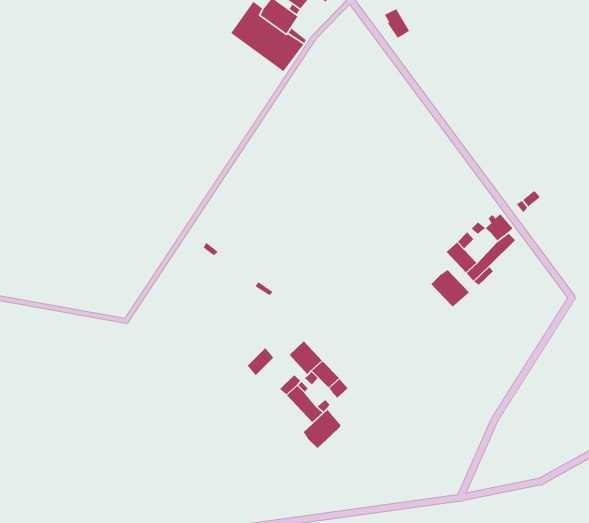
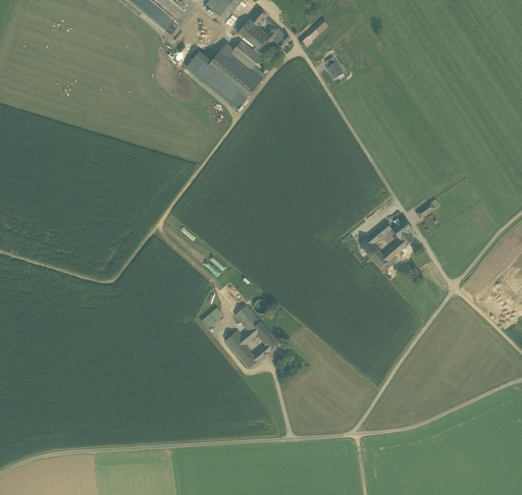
building: none -> [186,50,246,109]
building: [431,269,470,307] -> none
building: [303,409,342,449] -> none

